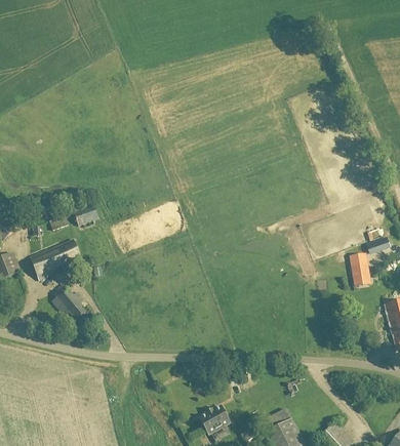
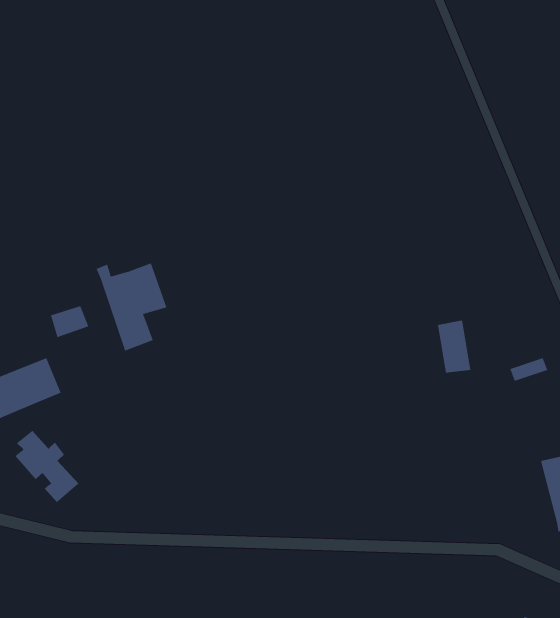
building: none -> [96,263,167,352]
building: [349,252,370,286] -> [437,320,471,373]

